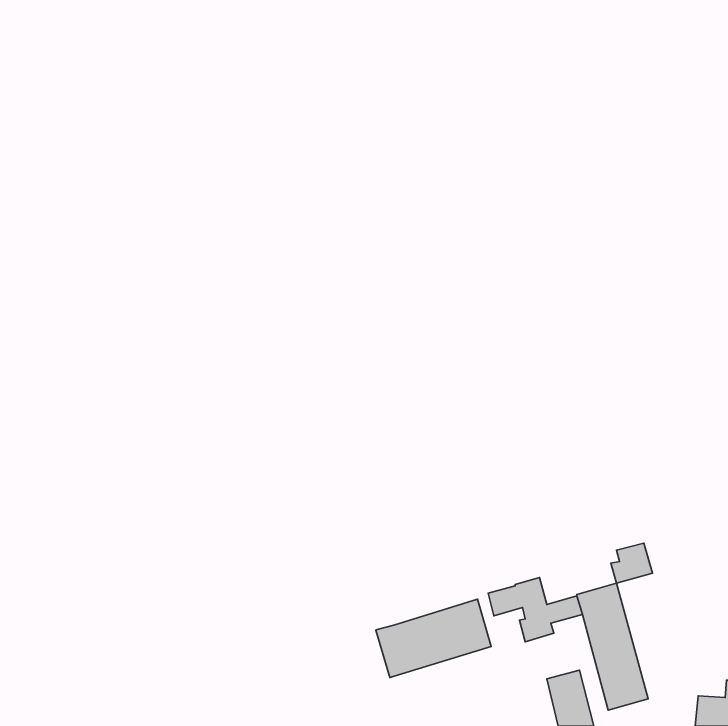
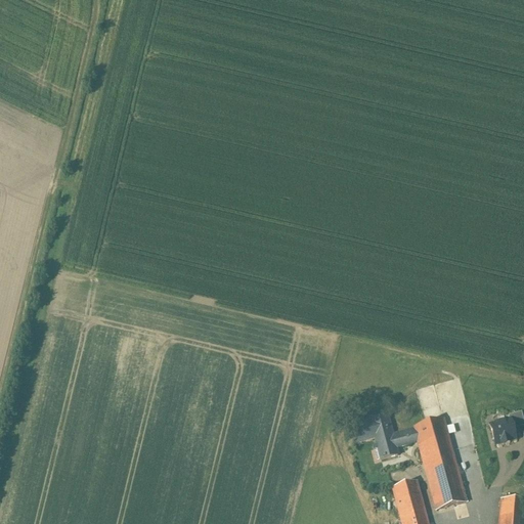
building: [611,543,652,583] -> [488,417,518,445]
building: [376,599,491,677] -> none

